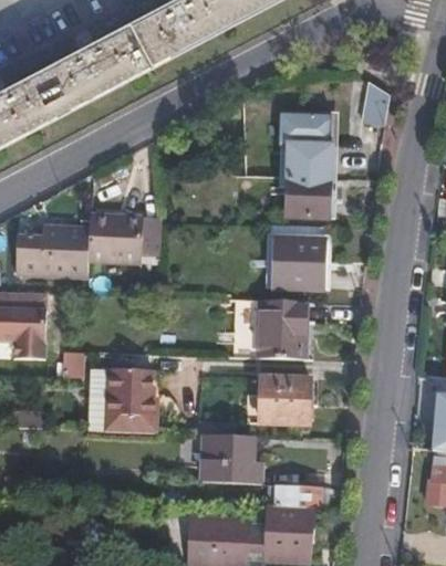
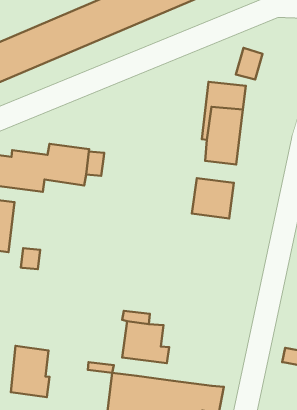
building: [354,88,386,128] -> [236,48,263,80]
building: [260,301,307,360] -> none
building: [106,370,155,433] -> [11,346,50,397]
building: [261,377,312,422] -> none
building: [270,485,321,510] -> none

